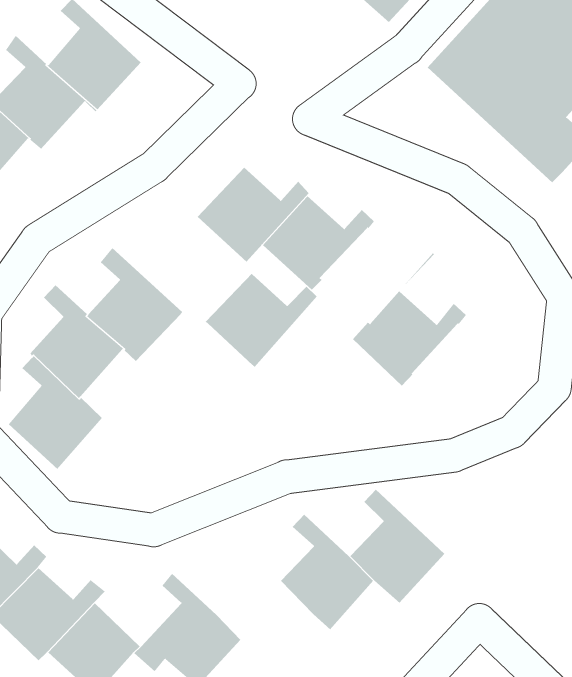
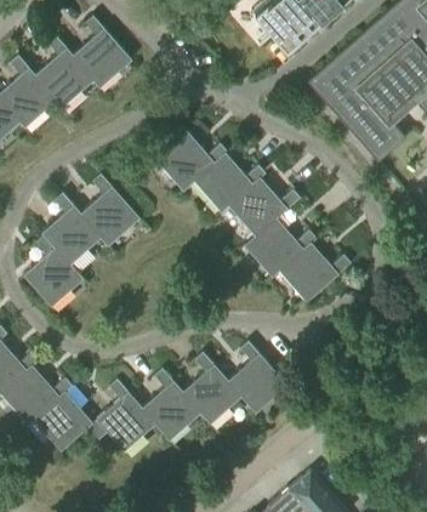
building: [205,272,317,367] -> [228,178,300,238]
building: none -> [279,244,352,303]
building: none -> [142,369,201,442]

